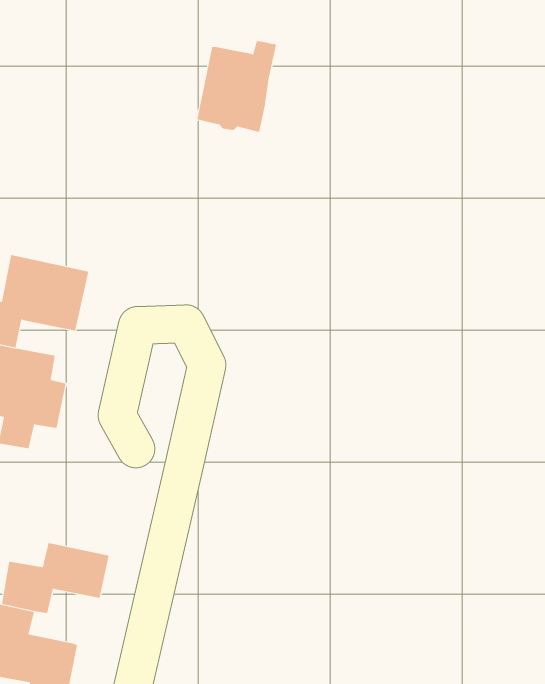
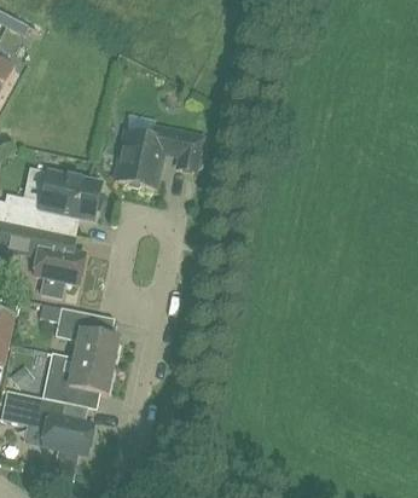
building: [196,41,277,132] -> [115,127,167,186]
building: none -> [176,132,202,172]
building: none -> [54,307,118,365]

